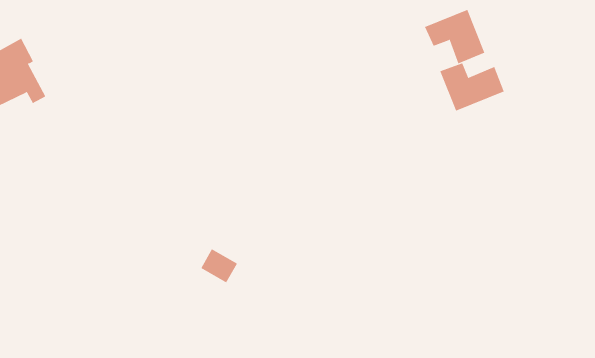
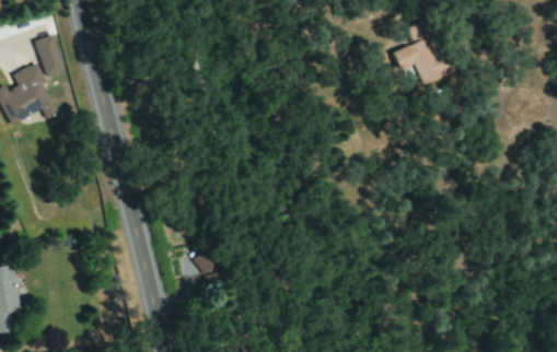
building: none -> [34,35,65,78]
building: [440,62,504,111] -> none

